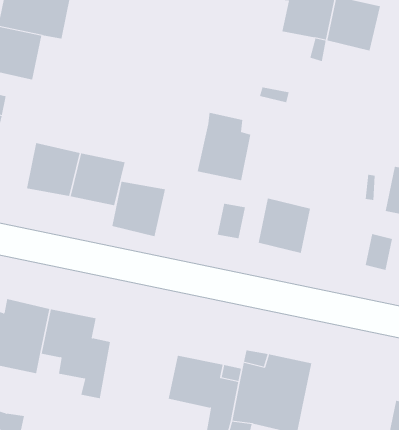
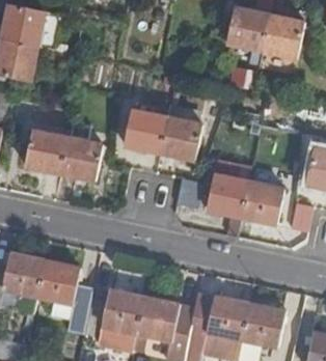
building: [112,181,166,237] -> [125,109,167,152]
building: none -> [241,182,284,225]
building: none -> [83,286,143,350]
building: none -> [242,303,284,345]

